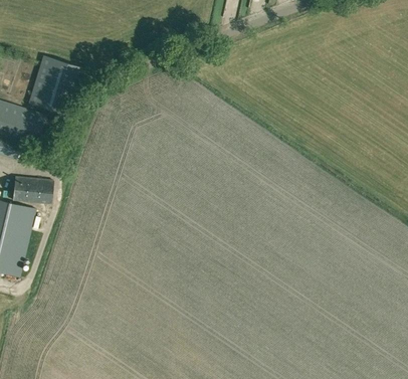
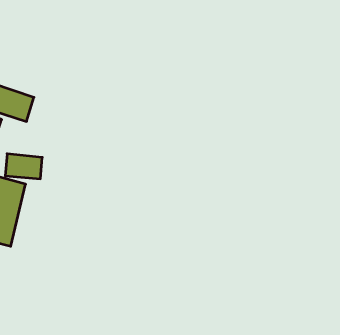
building: [28,55,80,114] -> none

